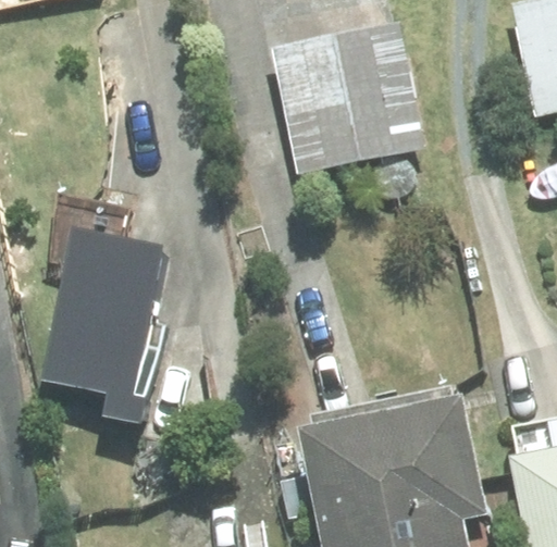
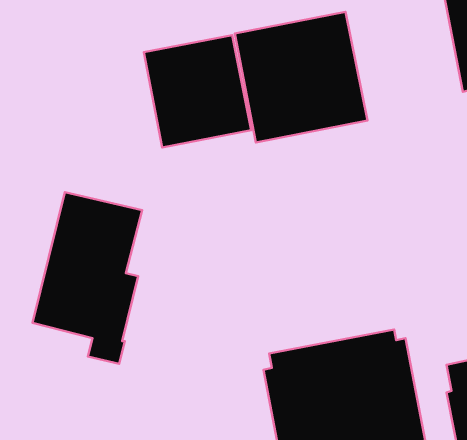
building: none -> [144,35,251,148]

